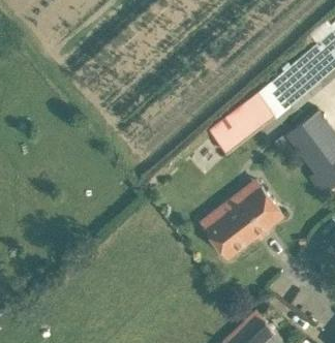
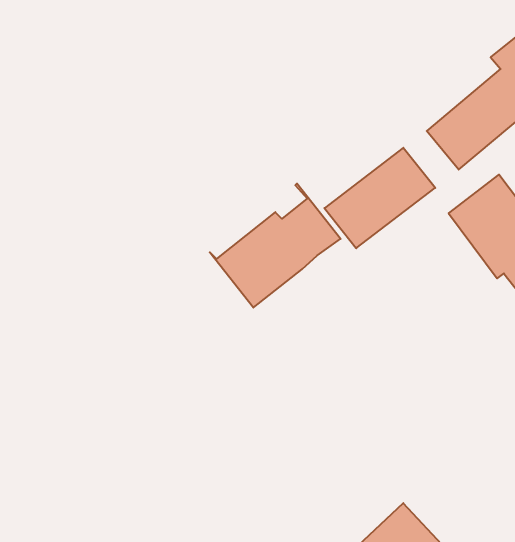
building: [201,183,281,259] -> [210,184,341,308]

